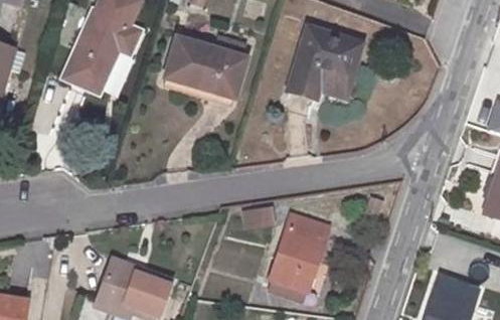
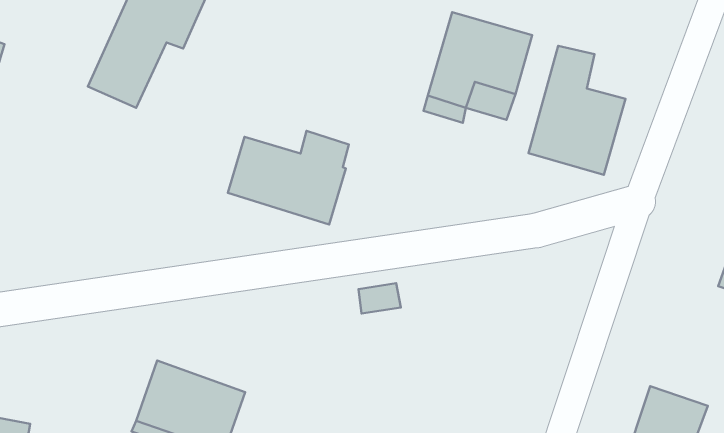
building: [165,34,245,97] -> [228,131,349,225]
building: none -> [528,46,625,175]
building: [268,215,328,302] -> none

